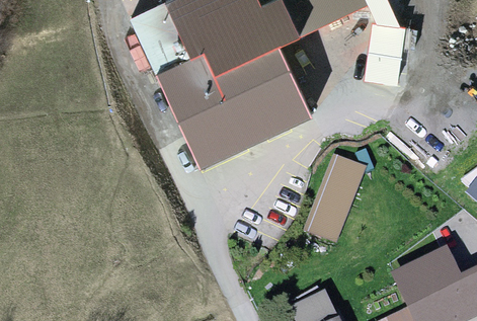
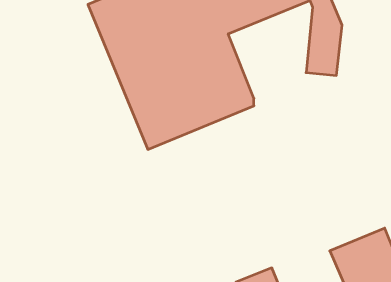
building: [305,159,365,248] -> none

